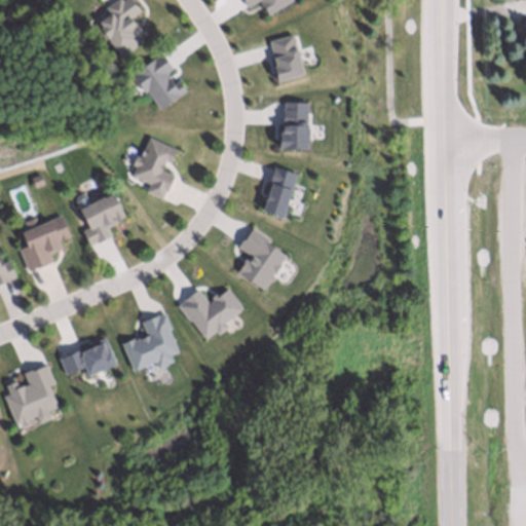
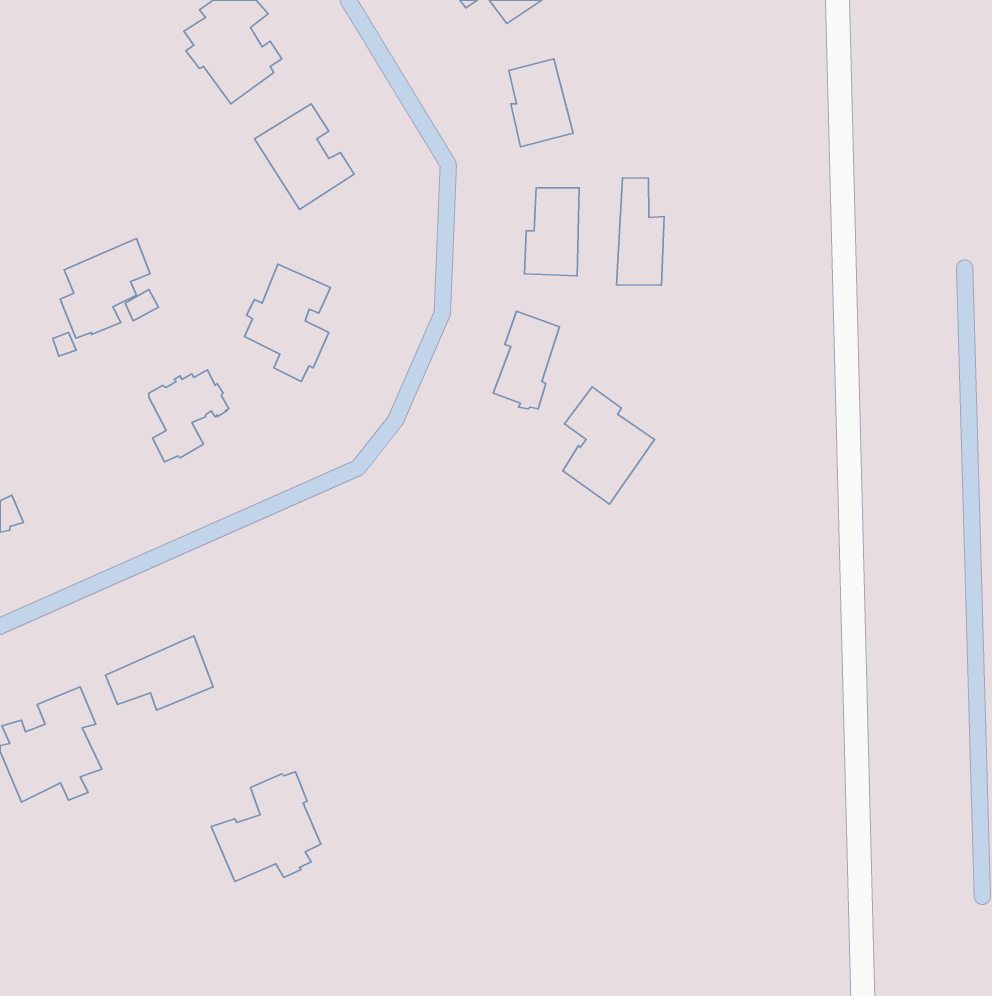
building: none -> [616,178,664,285]
building: [22,218,69,270] -> [60,238,150,338]
building: [238,226,287,288] -> [563,387,655,504]
building: [179,288,243,338] -> none
building: [121,312,179,370] -> [211,772,321,881]

